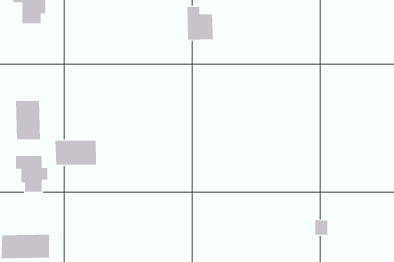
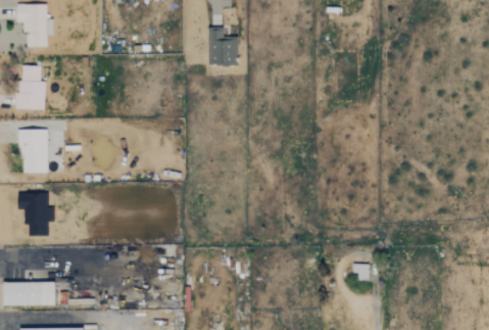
building: none -> [18,63,46,108]
building: [55,140,97,166] -> none

